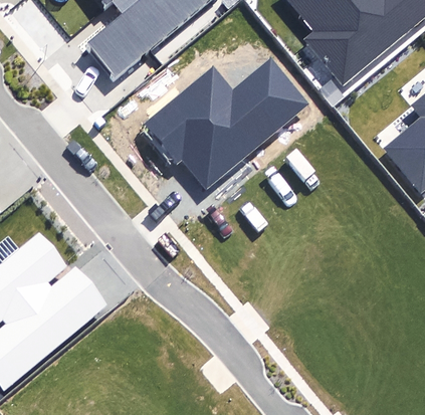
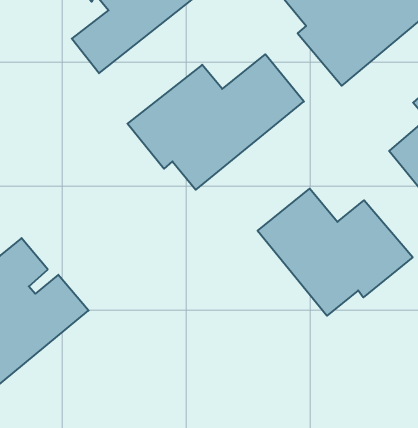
building: none -> [258,189,413,316]

